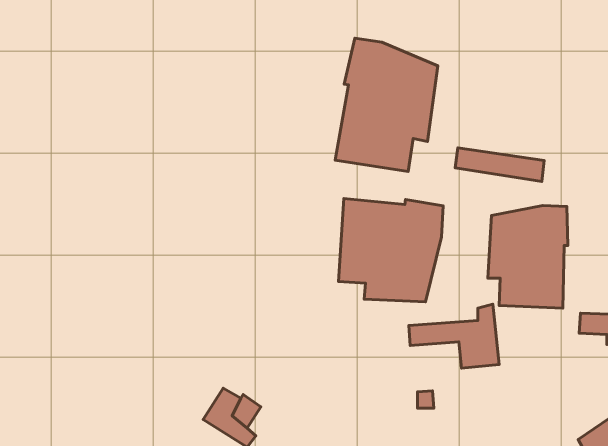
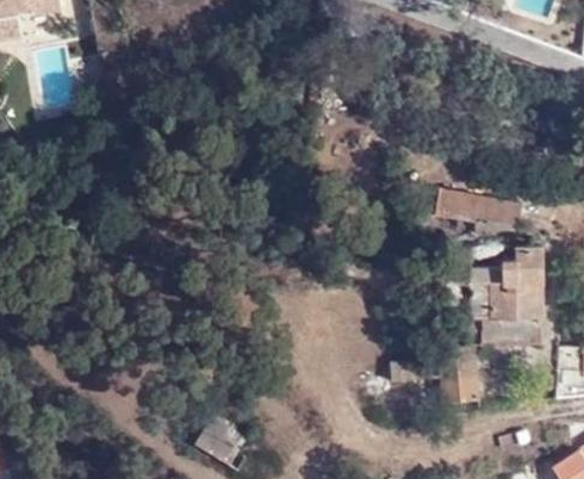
building: [335,38,438,172] -> none
building: [338,199,443,302] -> none

